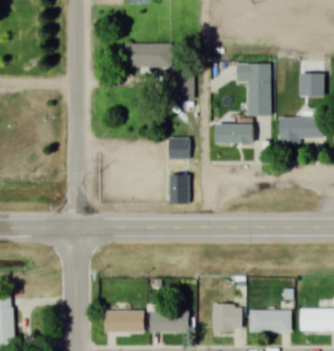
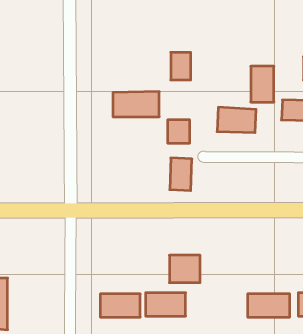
building: [129,46,174,71] -> [113,92,159,117]
building: [240,65,273,83] -> none
building: [211,303,241,330] -> [169,255,200,283]

